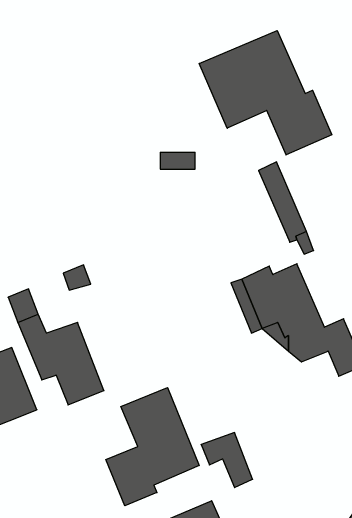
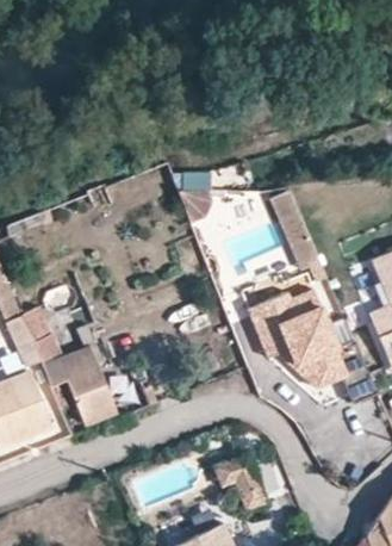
building: [199,31,332,155] -> none
building: [106,388,199,506] -> none

